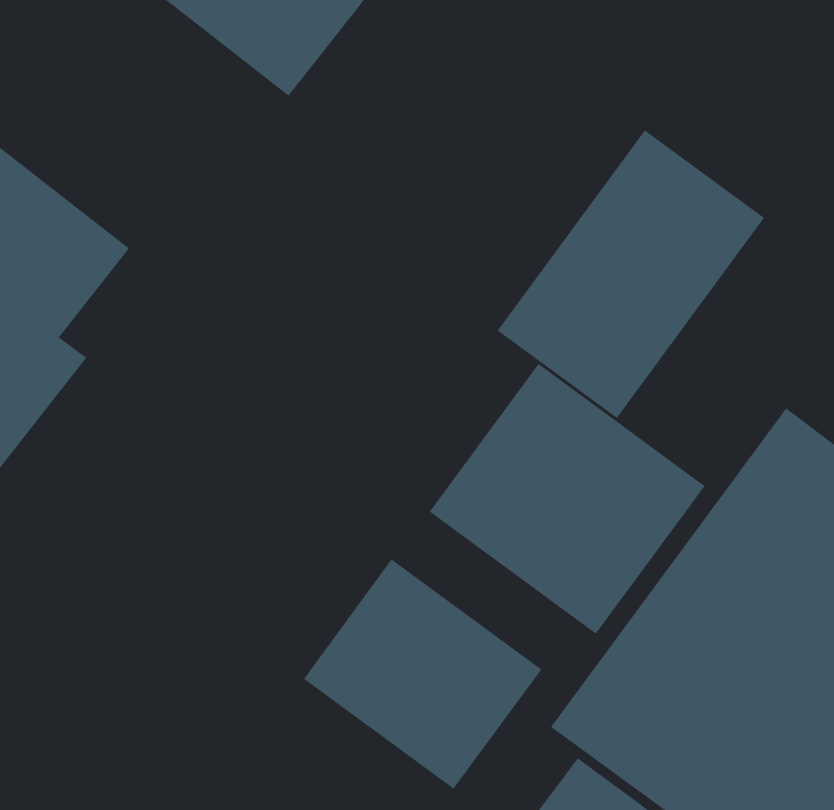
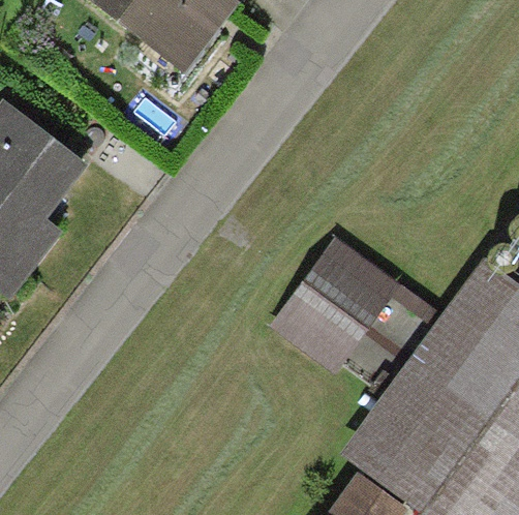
building: [497,130,765,419] -> none
building: [303,558,542,790] -> none

